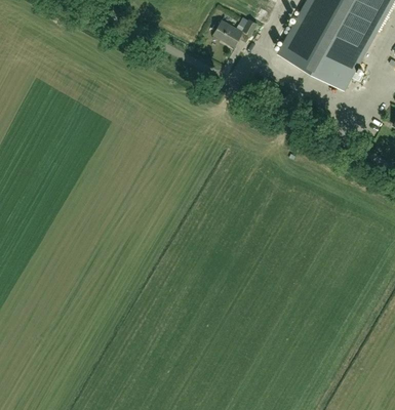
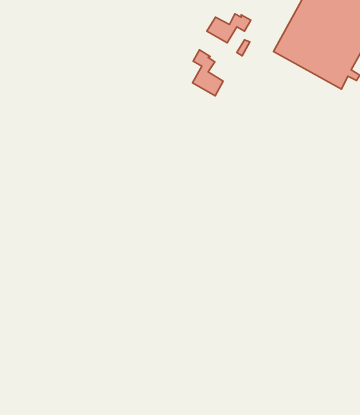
building: none -> [192,50,223,96]

